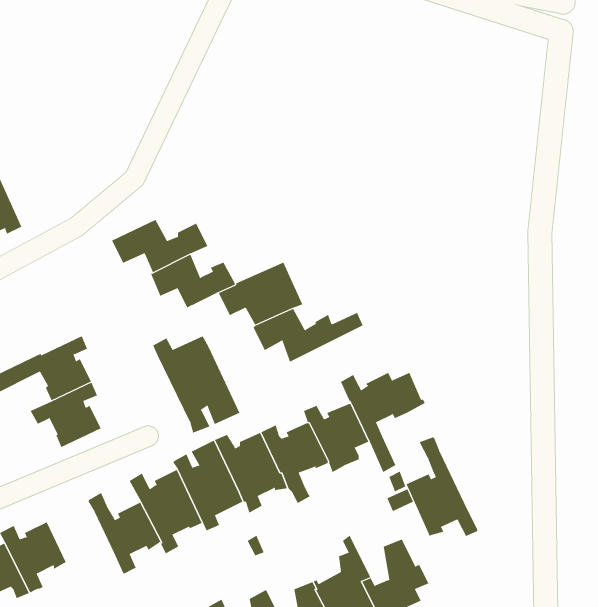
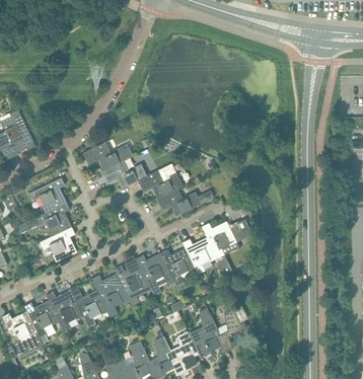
building: none -> [29,177,67,213]
building: [152,335,240,434] -> none
building: [406,436,478,538] -> none
building: none -> [46,290,83,332]

